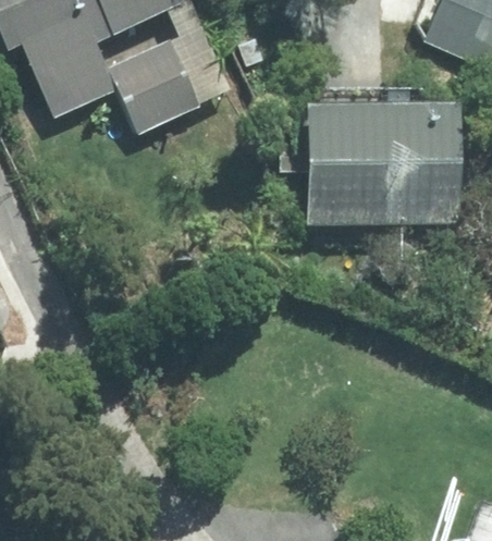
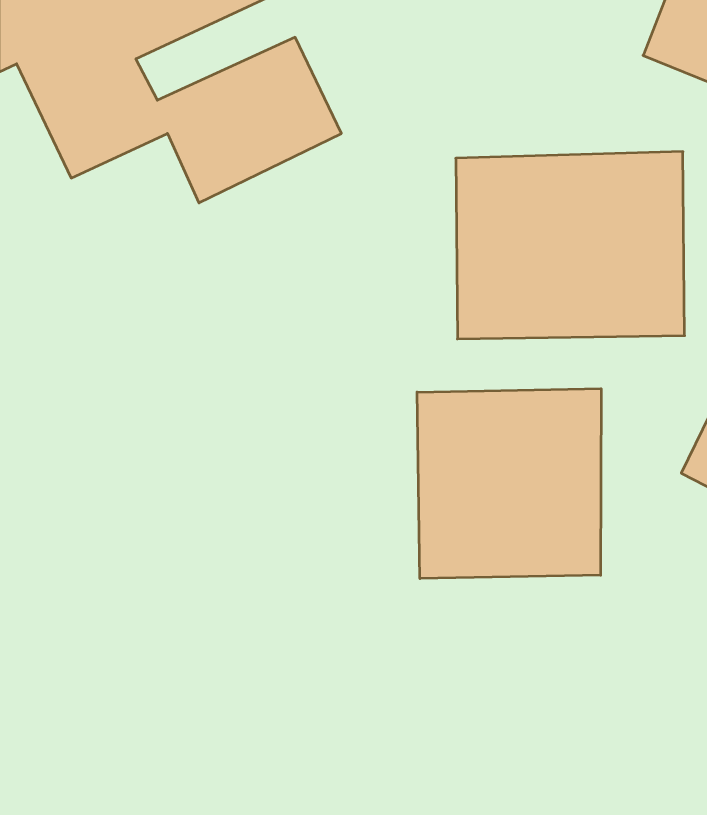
building: none -> [417,389,601,579]

